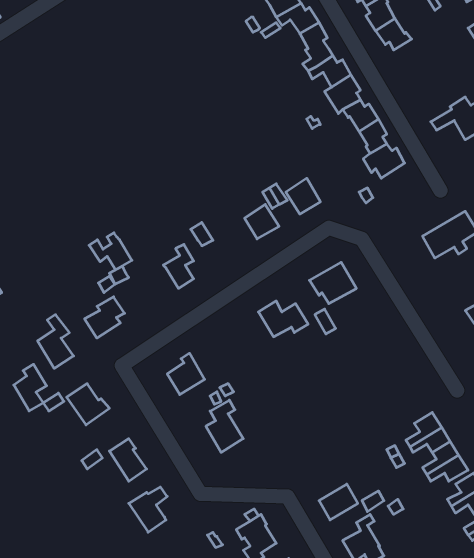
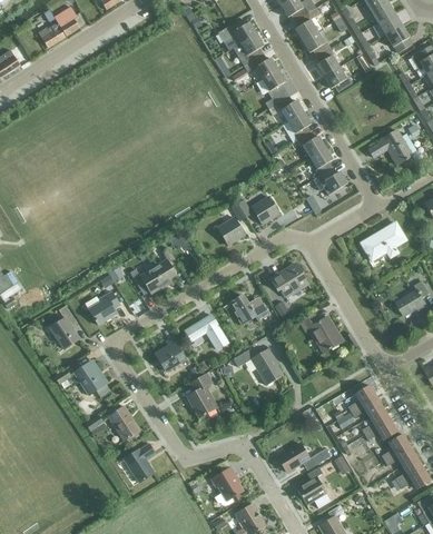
building: [89,233,132,270] -> [129,261,164,291]
building: none -> [184,314,227,348]
building: none -> [301,314,342,352]
building: [14,364,47,411] -> none
building: none -> [233,347,283,384]

